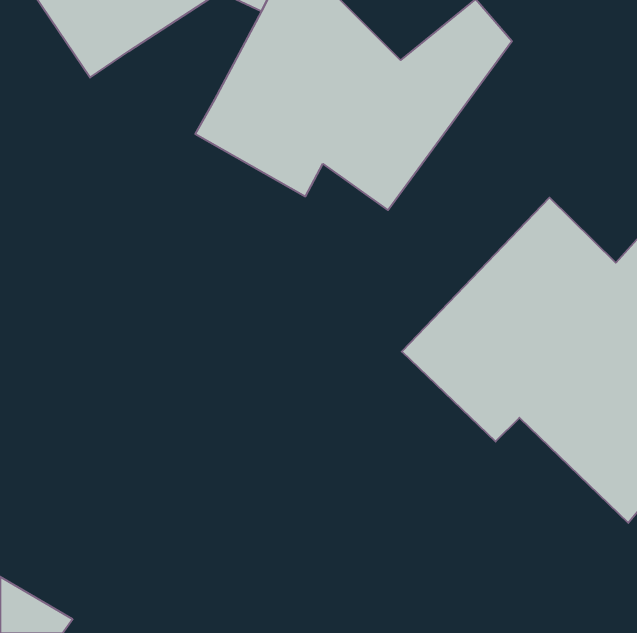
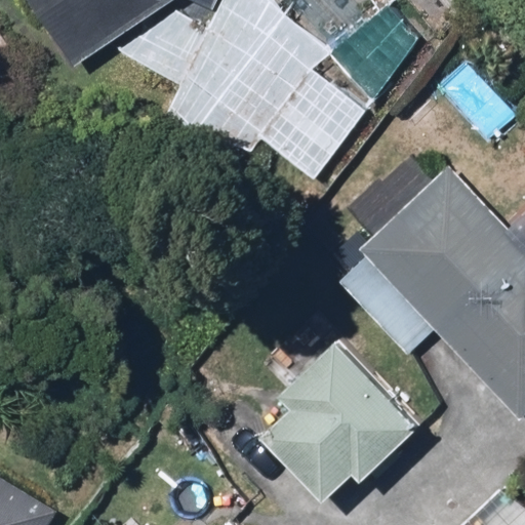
building: none -> [248,330,428,508]

